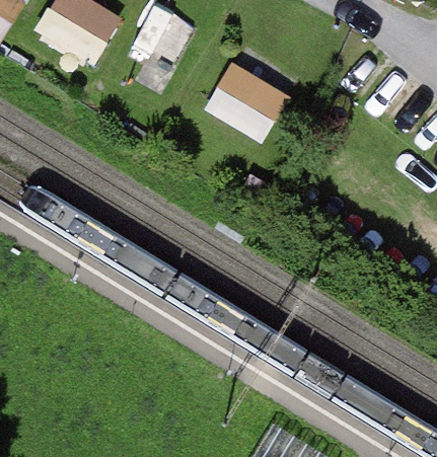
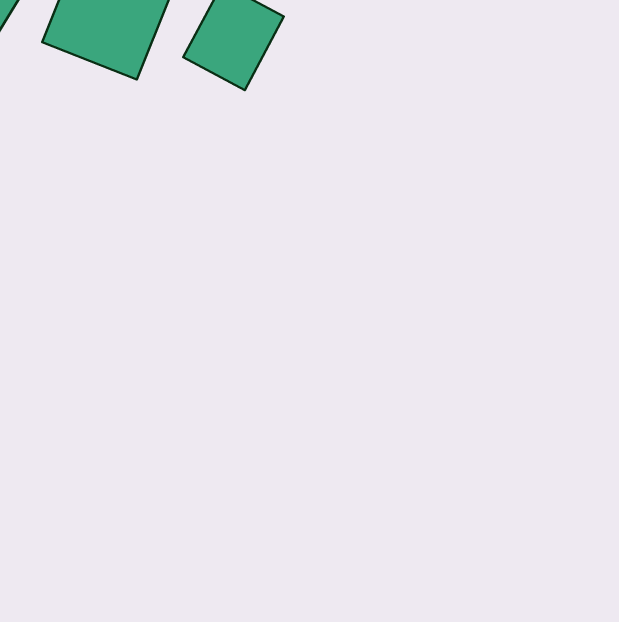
building: [205,62,287,141] -> none

